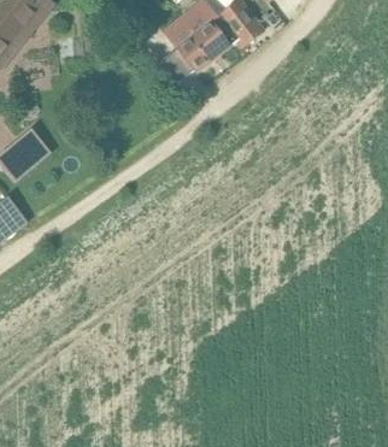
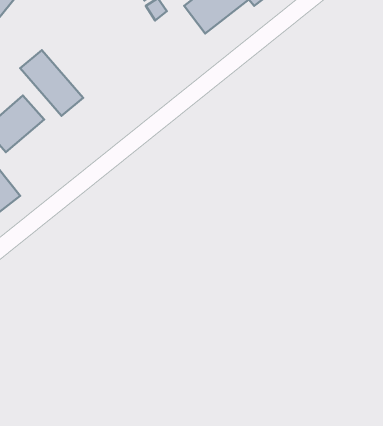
building: none -> [20,50,83,116]

